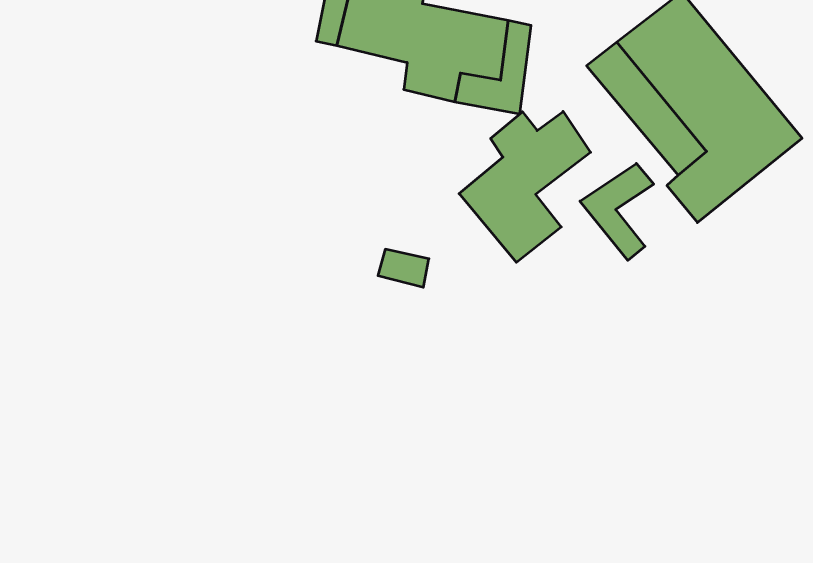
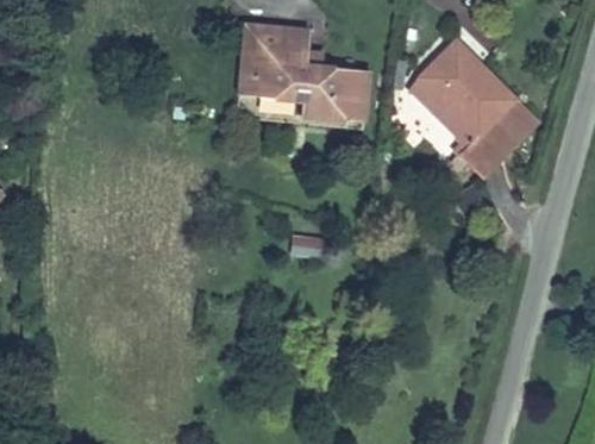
building: [459,111,591,262] -> none
building: [580,163,654,260] -> none

